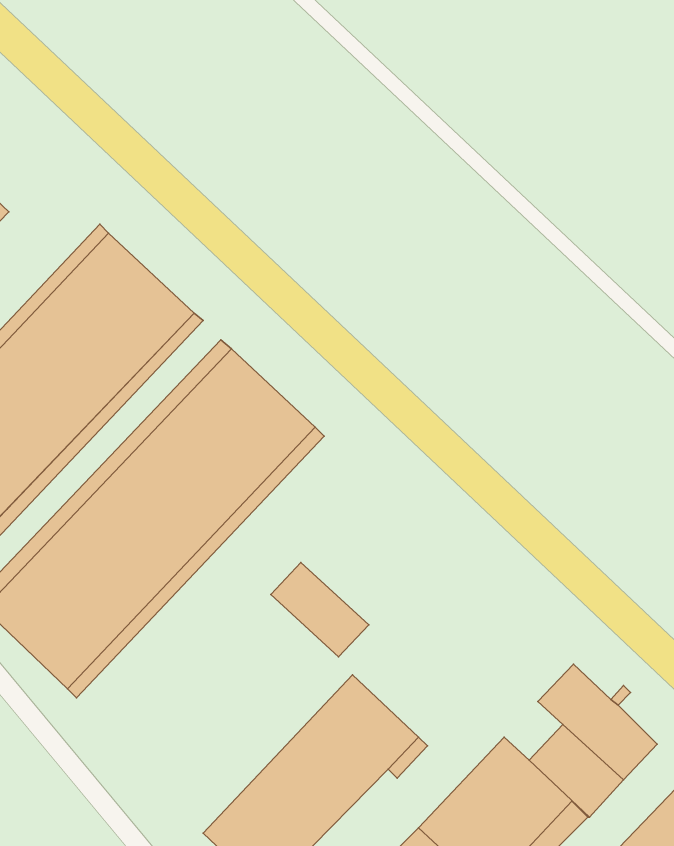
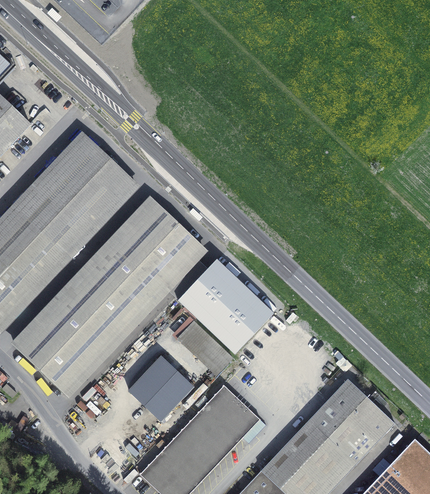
building: none -> [177,260,273,354]
building: none -> [128,357,192,421]
building: none -> [308,400,341,433]

